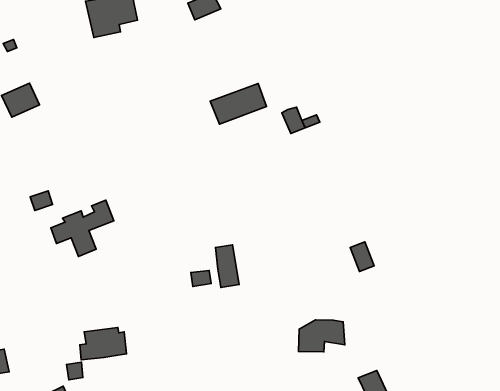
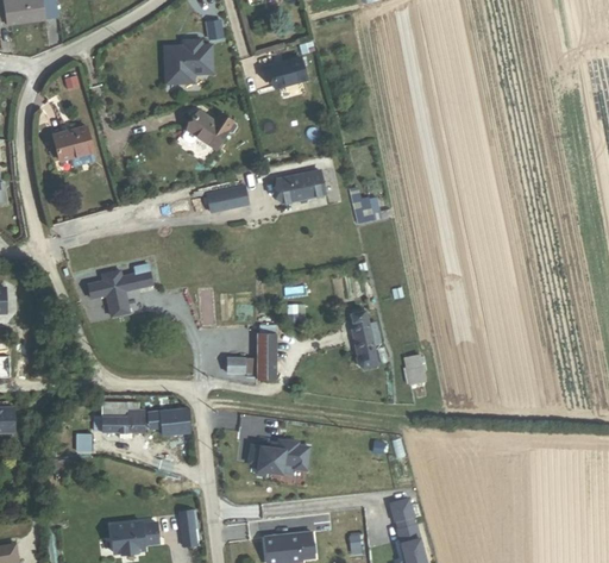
building: none -> [182,111,231,148]
building: none -> [207,187,249,214]
building: none -> [351,317,376,354]
building: [298,320,345,352] -> [255,439,308,475]
building: none -> [146,407,190,436]

